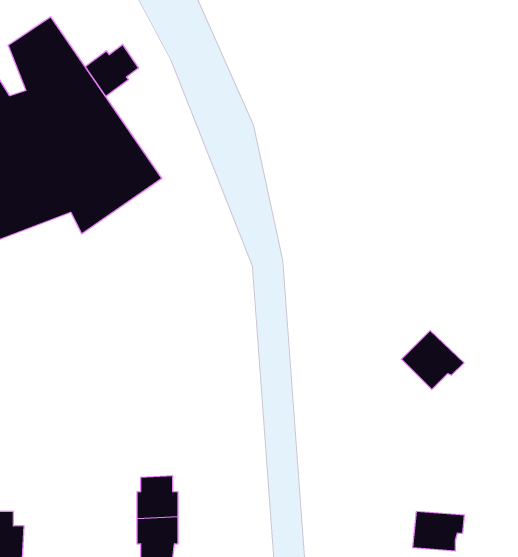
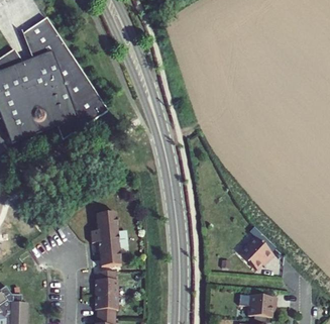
building: [85,44,139,97] -> none
building: [401,331,464,390] -> [240,236,276,269]
building: none -> [89,216,119,271]

